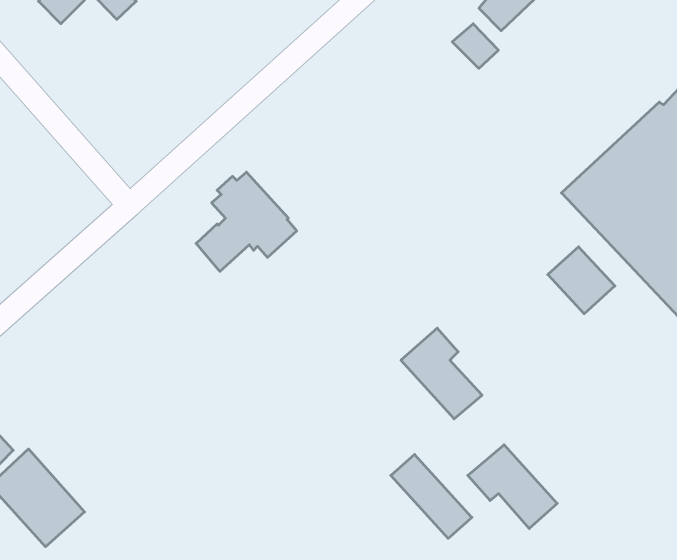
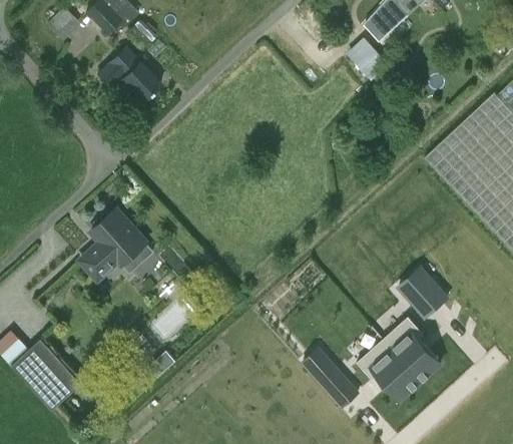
building: none -> [97,49,159,101]
building: [196,172,297,271] -> [81,208,153,280]
building: [548,247,615,314] -> [399,268,447,316]
building: [401,328,482,419] -> [383,316,441,381]

